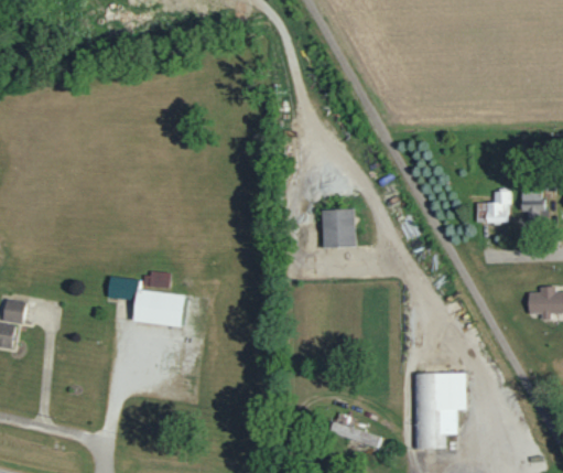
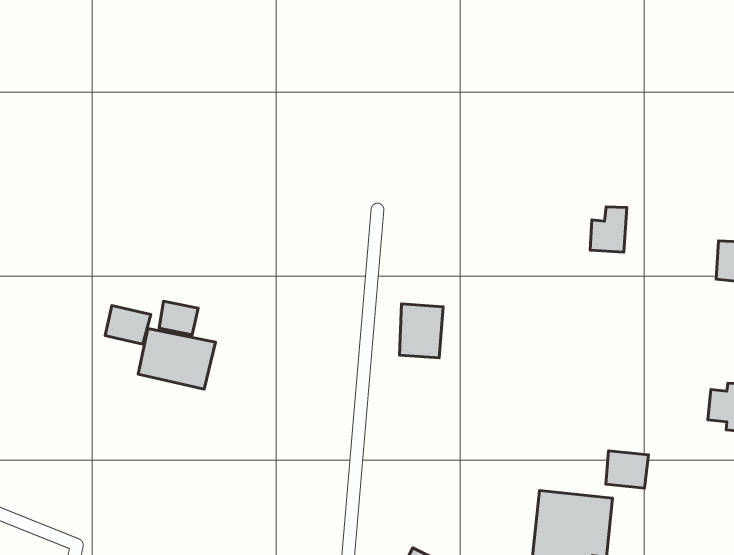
building: [484,190,508,222] -> [590,207,627,252]
building: [323,211,353,247] -> [399,304,443,358]
building: none -> [606,451,648,488]

